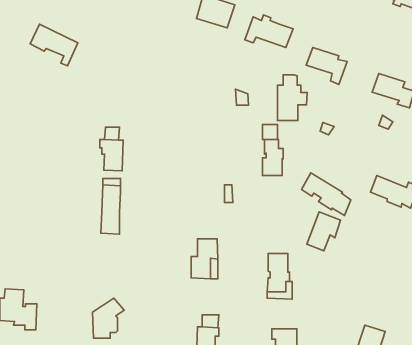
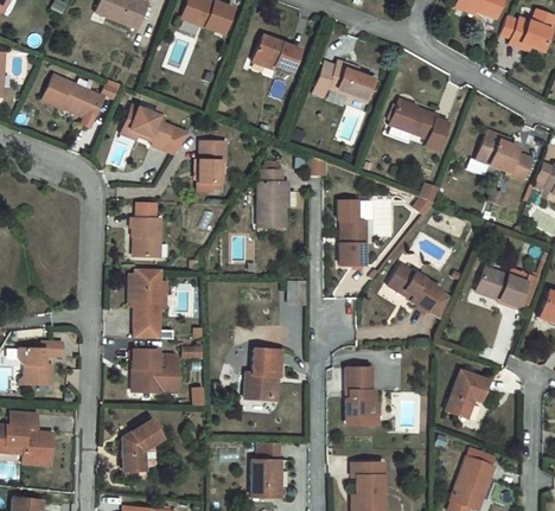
building: none -> [121,104,191,154]
building: [278,75,307,120] -> [257,165,295,223]
building: none -> [192,146,224,197]
building: [307,212,340,251] -> [446,366,489,416]
building: none -> [20,341,64,384]
building: none -> [129,351,176,394]

